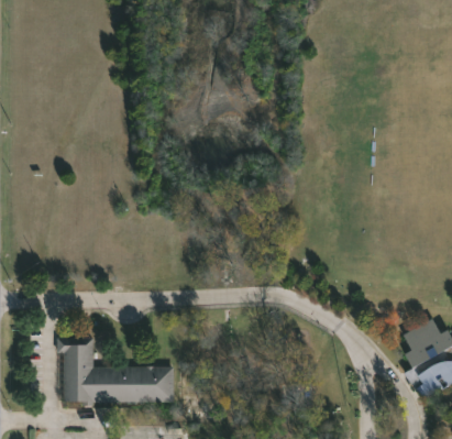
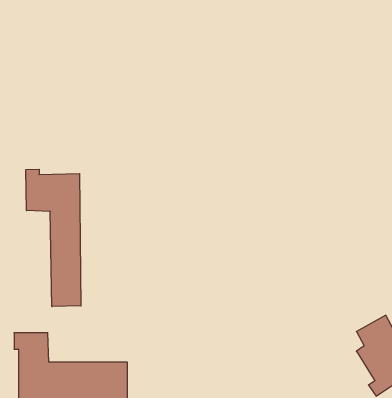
building: none -> [26,169,81,307]

